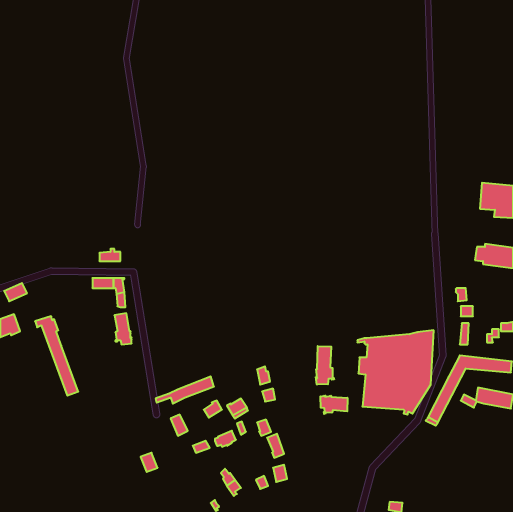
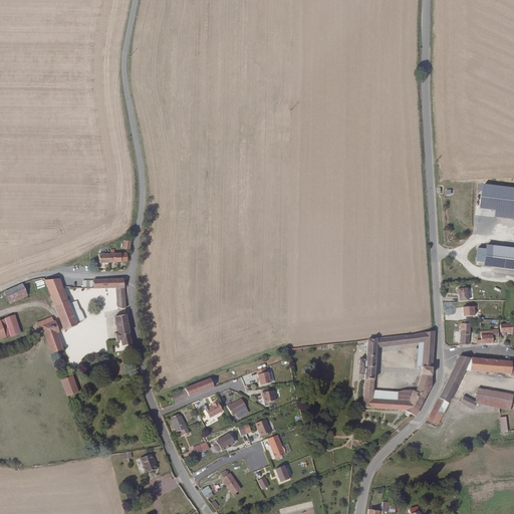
building: none -> [44,279,84,329]
building: [316,346,334,385] -> none
building: [320,396,347,414] -> none

